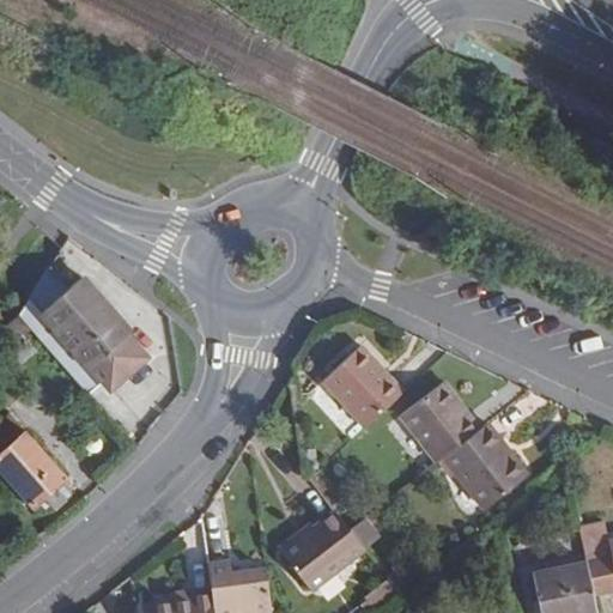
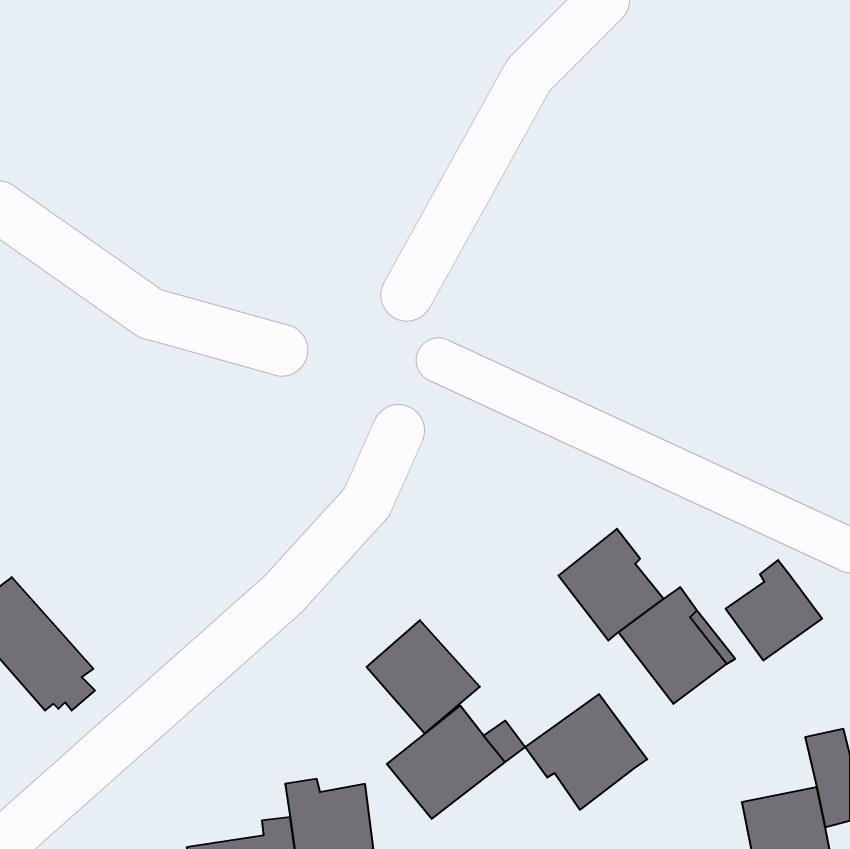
building: [38,269,150,387] -> none
building: [322,348,403,430] -> [367,620,480,733]
building: none -> [726,560,822,660]
building: none -> [525,694,647,810]

